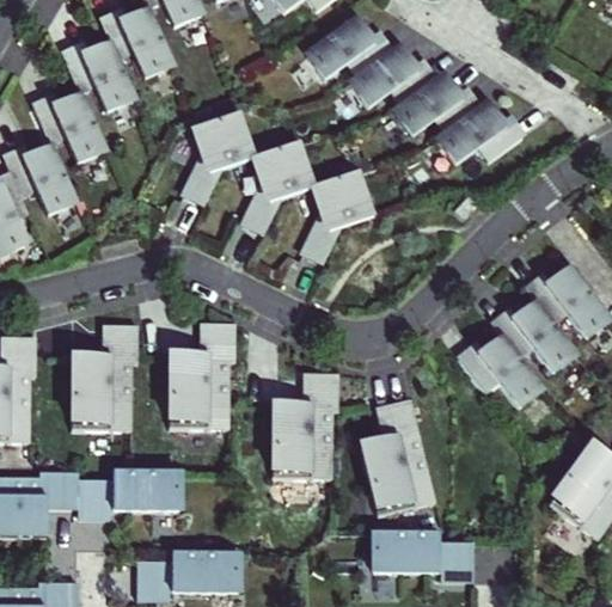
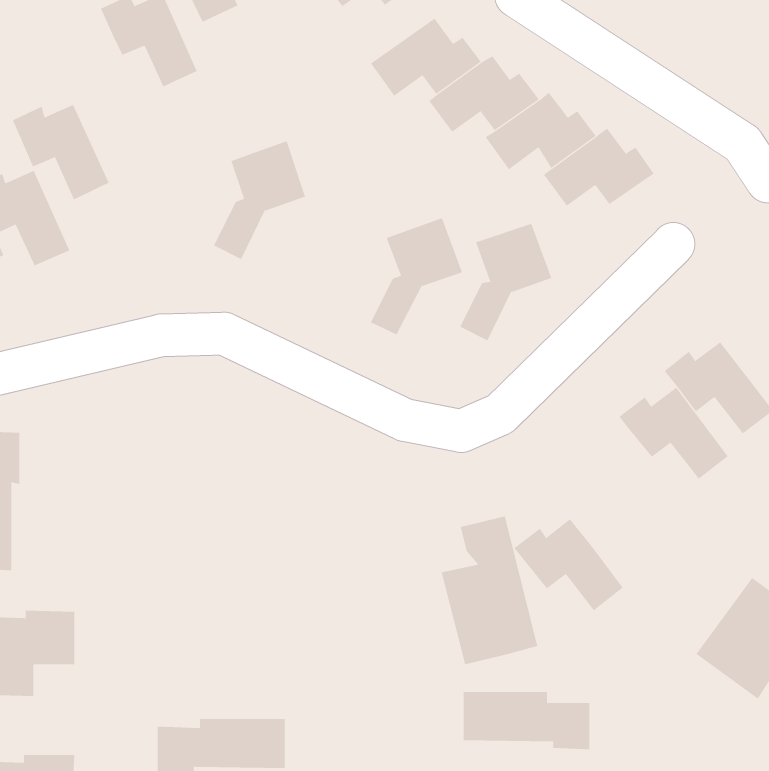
building: [60,36,134,109] -> none
building: [243,145,313,234] -> [460,223,552,341]
building: [170,323,235,428] -> none
building: [73,325,137,430] -> none
building: [458,337,541,407] -> [514,518,624,611]
building: [273,373,338,478] -> none
building: [78,473,179,516] -> none

